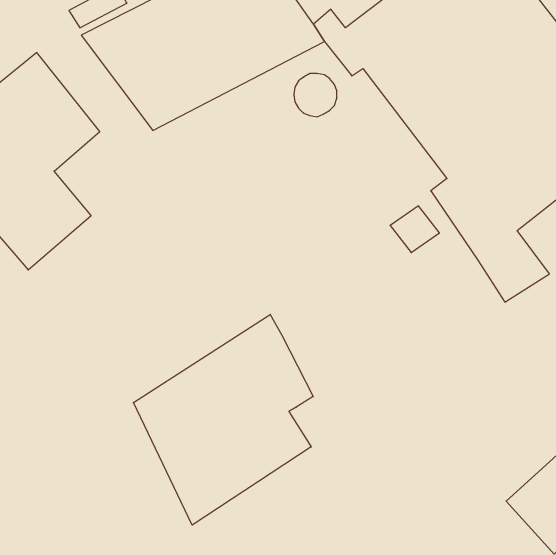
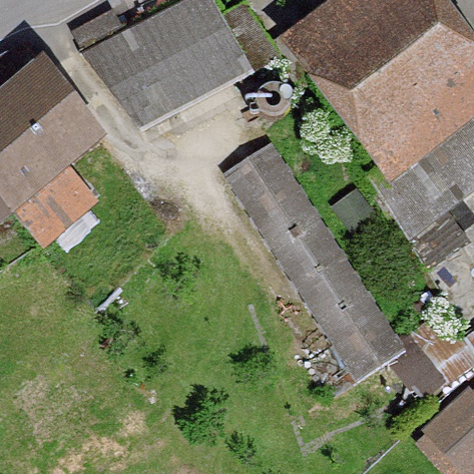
building: none -> [224,141,404,379]
building: [133,314,313,525] -> none

